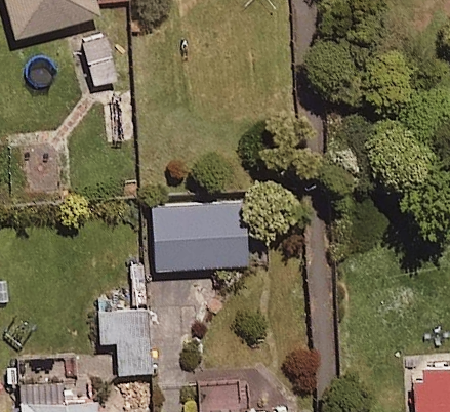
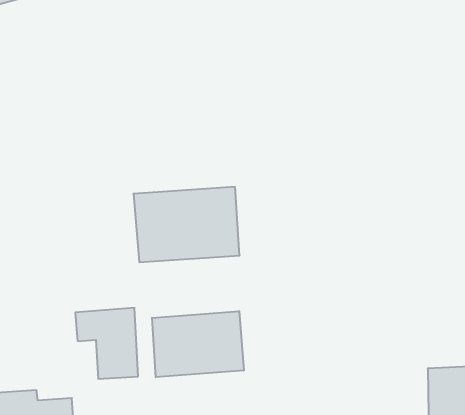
building: none -> [152,311,244,377]

